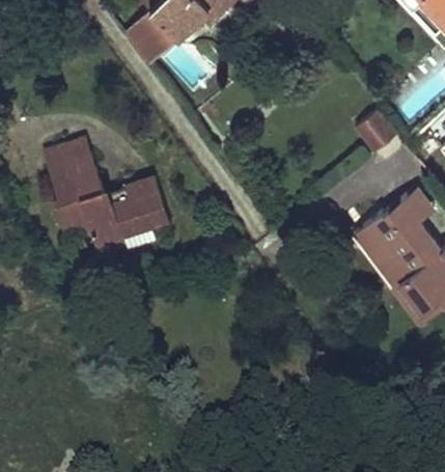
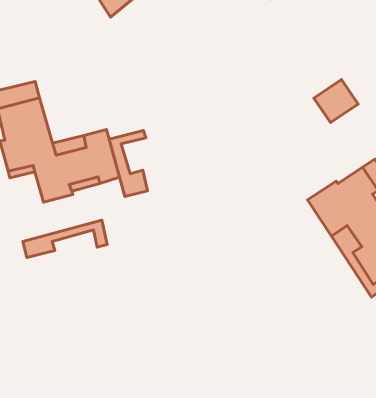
building: none -> [109,131,147,197]
building: none -> [23,220,107,257]

